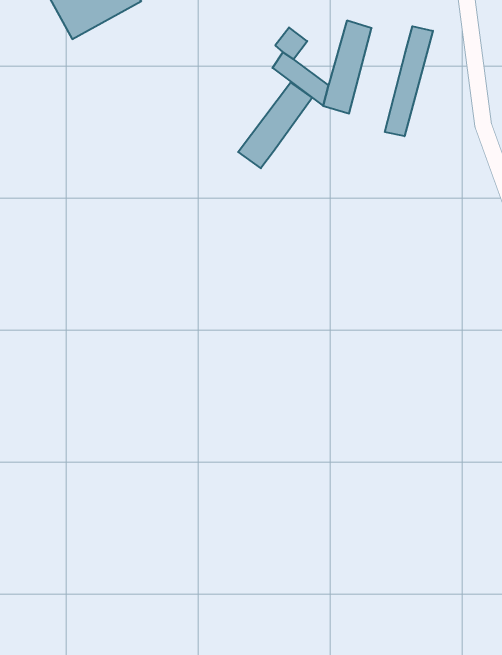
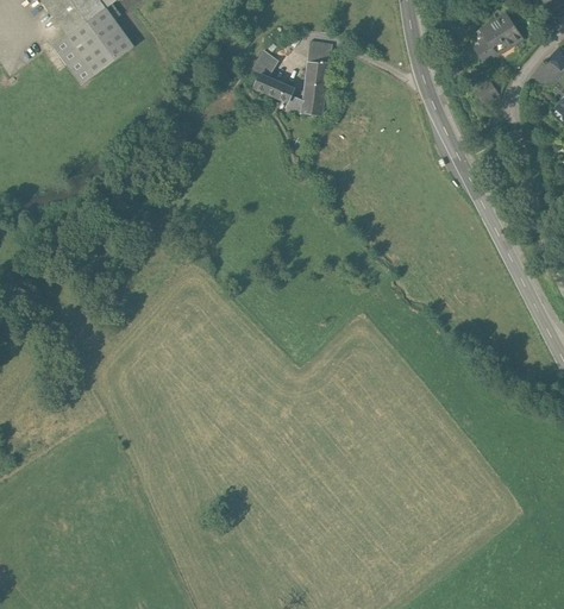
building: [385,26,433,136] -> none
building: [238,83,312,168] -> none

